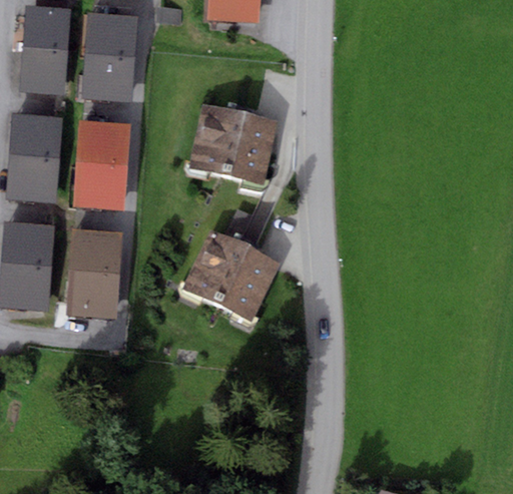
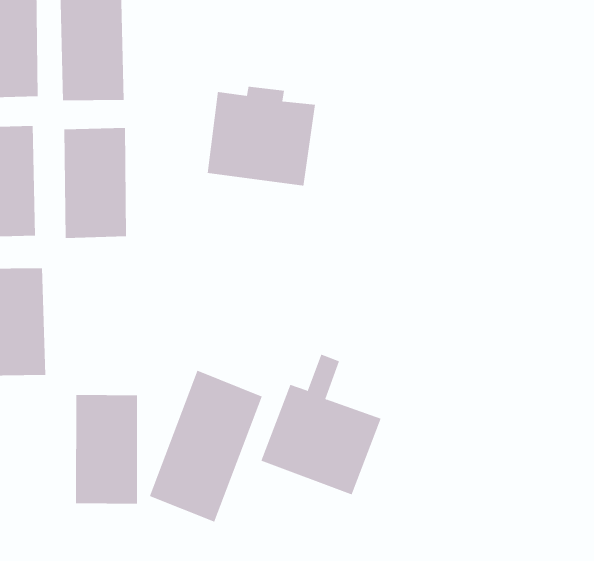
building: [181,207,278,319] -> [261,354,381,495]
building: [65,229,121,319] -> [75,394,138,504]
building: none -> [149,370,263,523]

